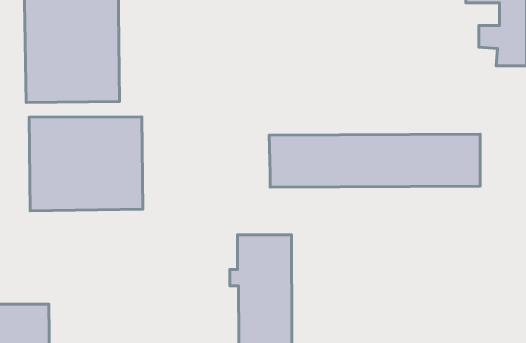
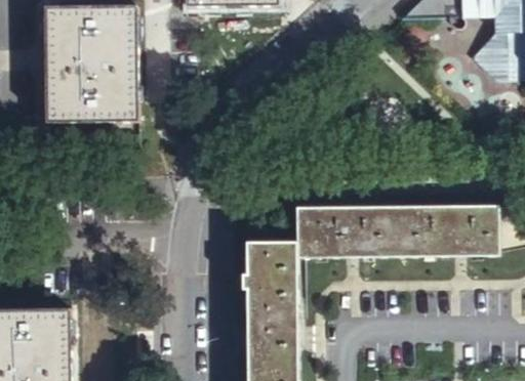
building: [29,117,143,211] -> none
building: [269,134,480,187] -> [296,206,496,256]

